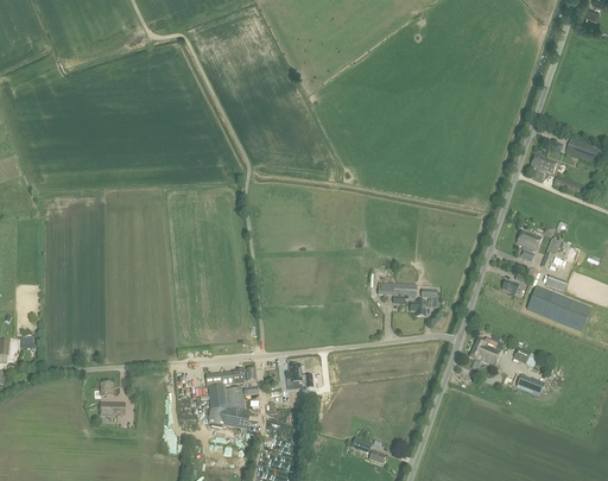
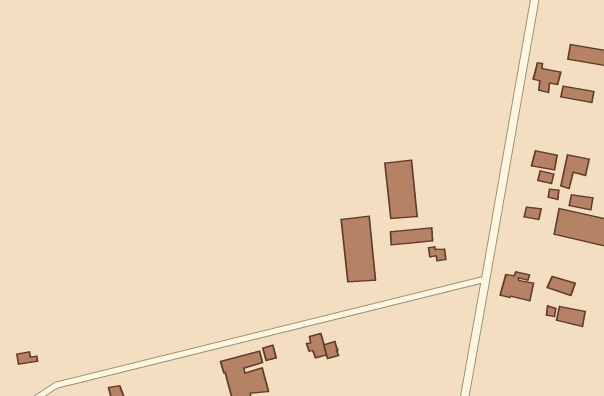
building: none -> [385,160,417,218]
building: none -> [341,216,376,282]

